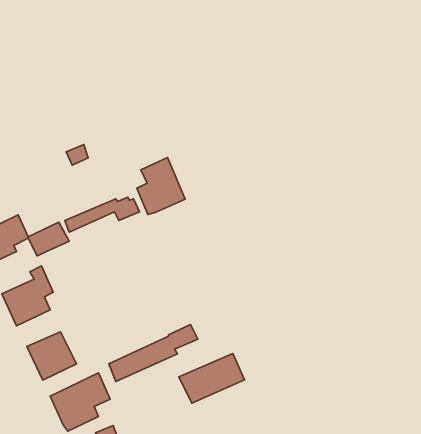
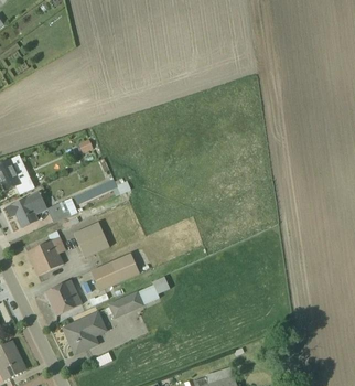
building: [137,158,185,214] -> none
building: none -> [73,222,109,258]
building: [179,353,244,403] -> [89,254,139,291]

